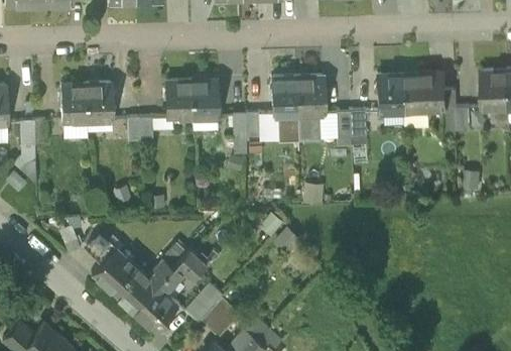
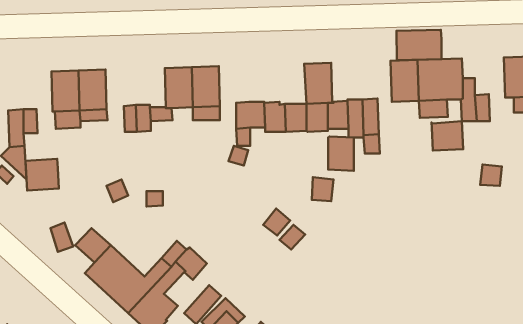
building: none -> [396,30,441,60]
building: [271,78,298,116] -> none
building: none -> [431,121,463,150]
building: none -> [328,136,354,171]
building: none -> [26,159,59,190]

